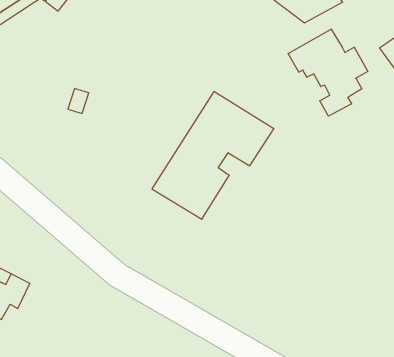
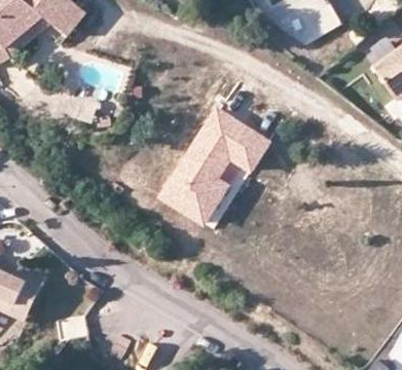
building: [288,29,368,116] -> none

